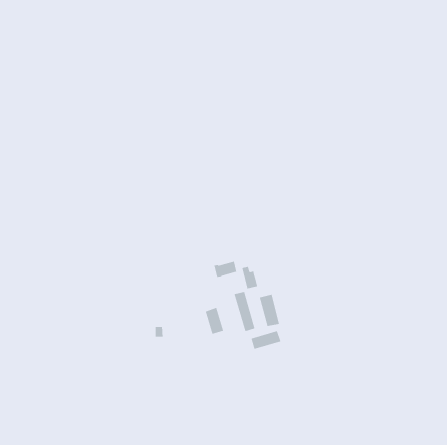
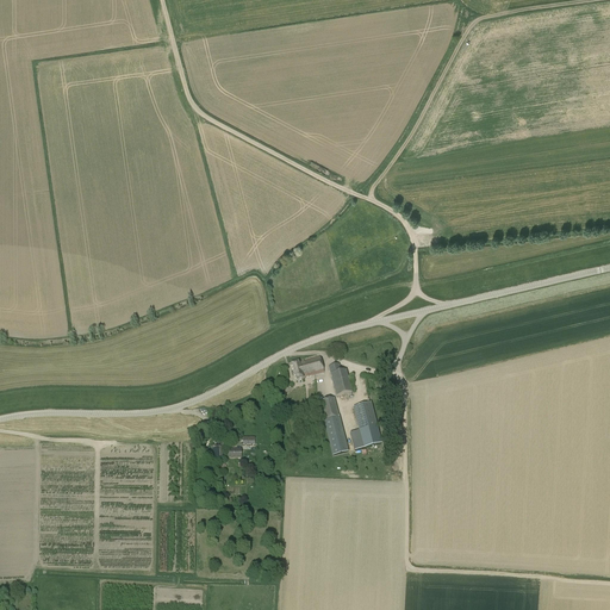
building: [205,307,224,335] -> none
building: [250,330,282,350] -> none

